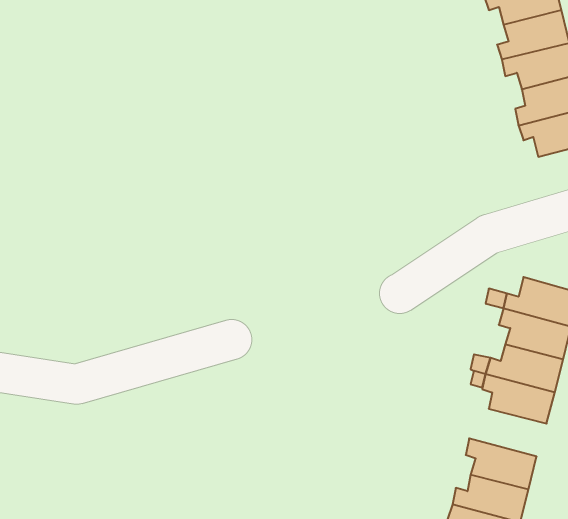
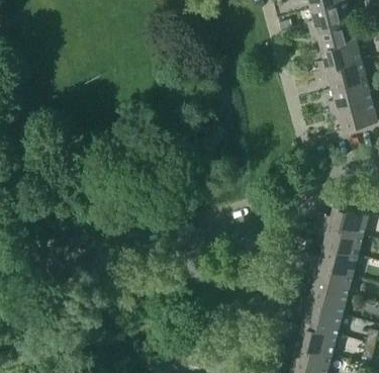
building: none -> [301,285,349,314]

